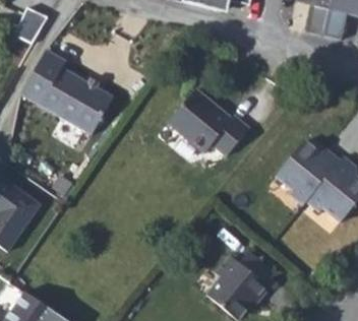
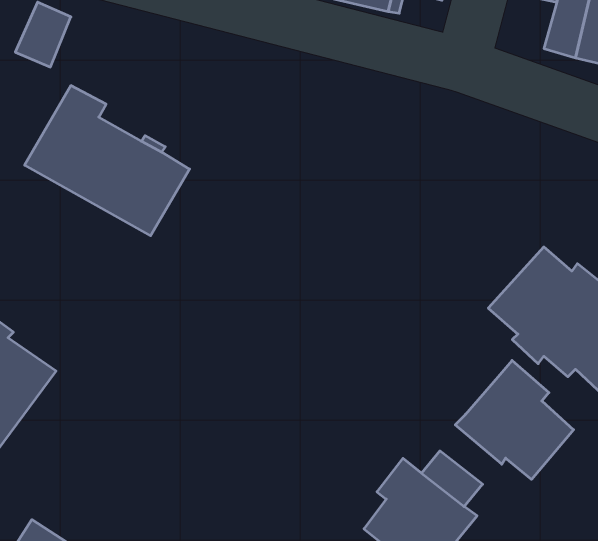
building: [168,90,249,155] -> none
building: none -> [455,360,574,479]

